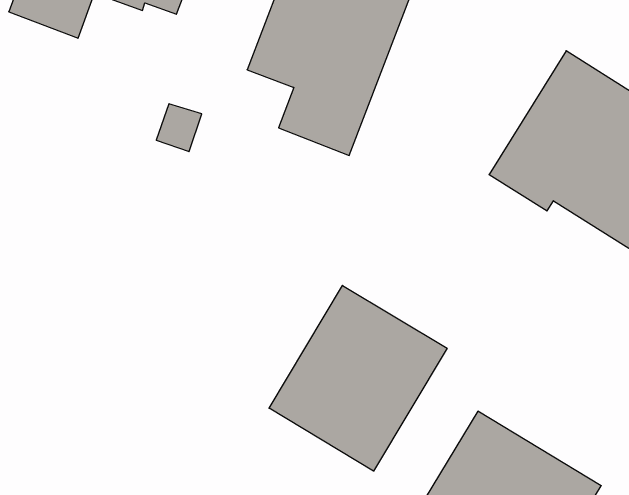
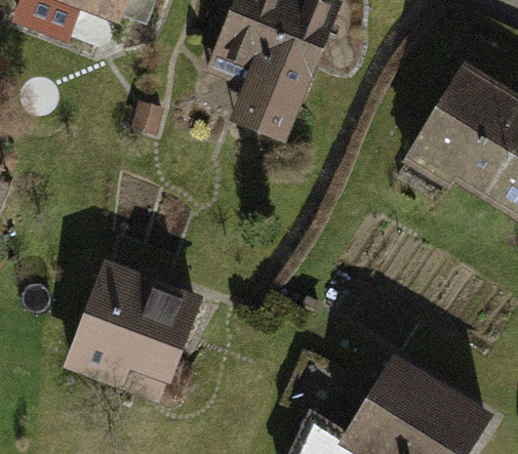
building: [269,285,447,471] -> none
building: none -> [62,259,203,401]

